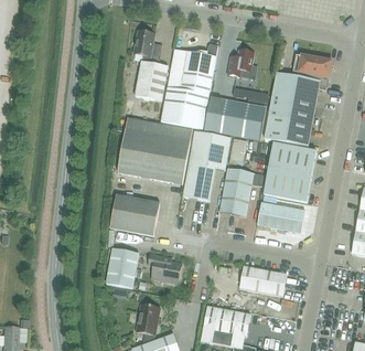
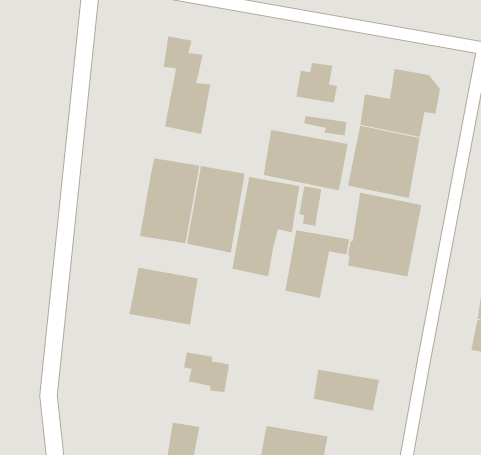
building: [162,43,218,129] -> none
building: [258,202,305,233] -> none
building: [106,247,139,288] -> none

